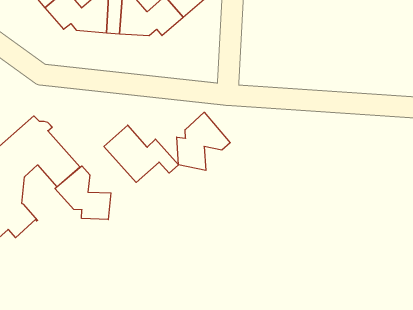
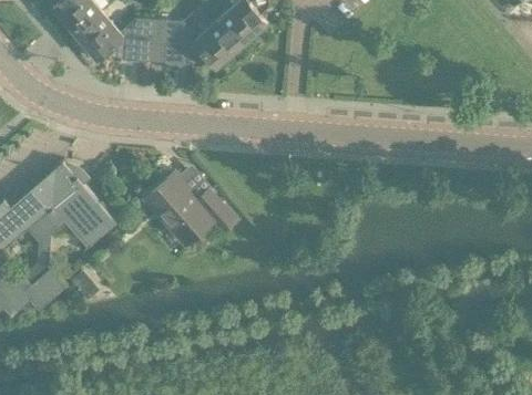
building: [177,112,230,170] -> none
building: [55,166,111,220] -> none

